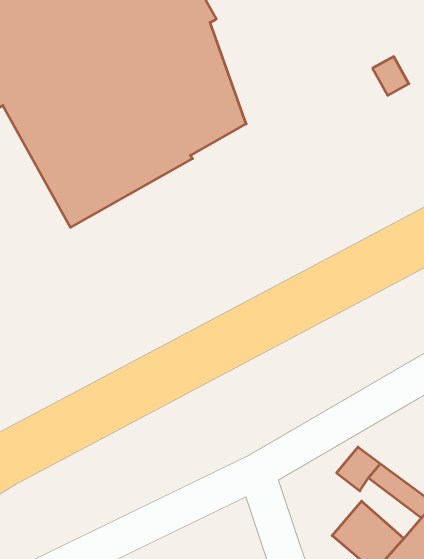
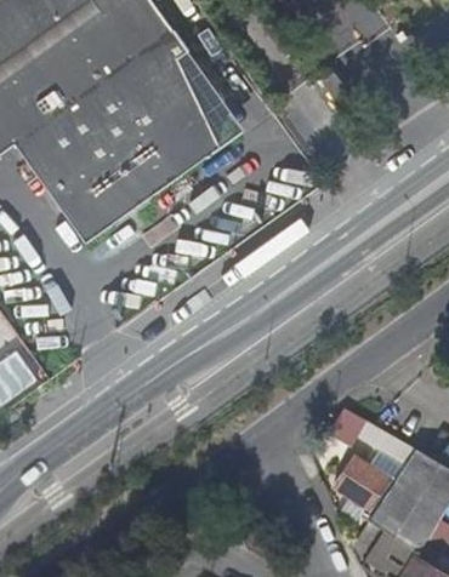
building: none -> [180,52,243,173]

